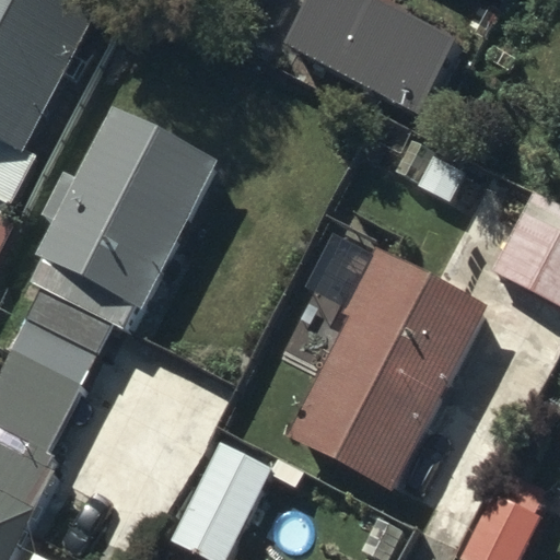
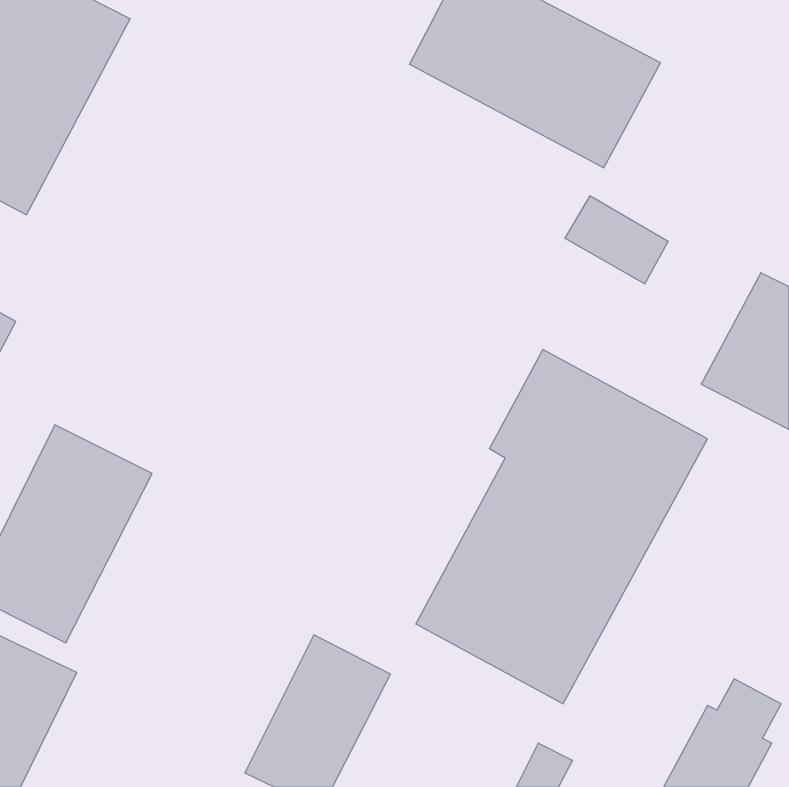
building: [42,107,219,308] -> none

